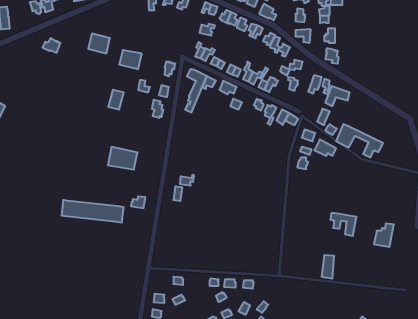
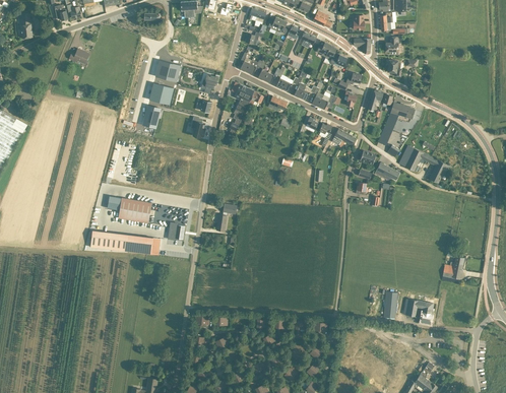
building: [88,34,110,53] -> [148,82,173,105]
building: [108,147,138,170] -> [117,197,150,222]
building: [330,213,357,236] -> [403,299,433,324]

